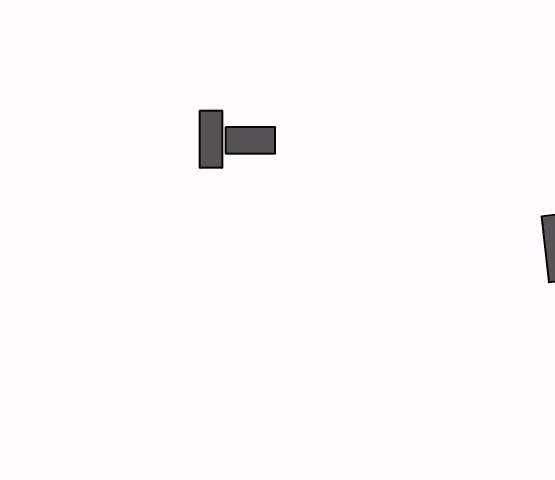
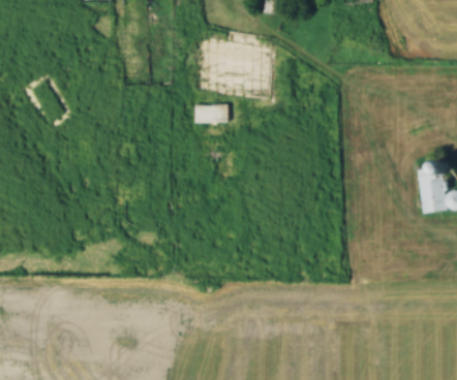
building: [200,111,222,168] -> none

